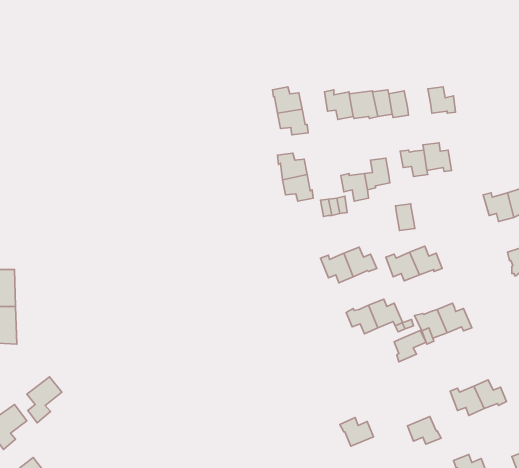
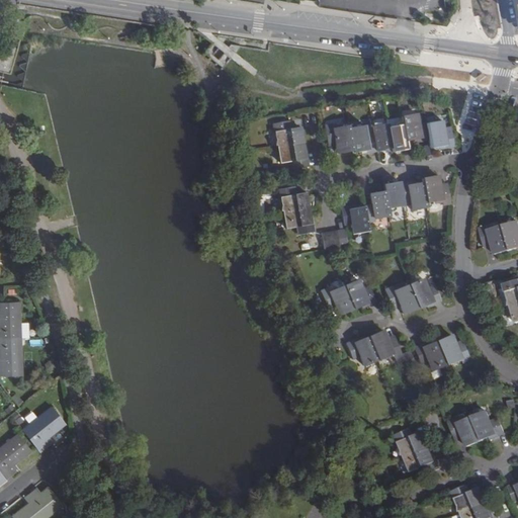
building: none -> [401,113,429,141]
building: [395,204,415,231] -> [383,182,403,208]
building: [394,330,426,362] -> none
building: [340,417,373,446] -> [395,428,428,456]

